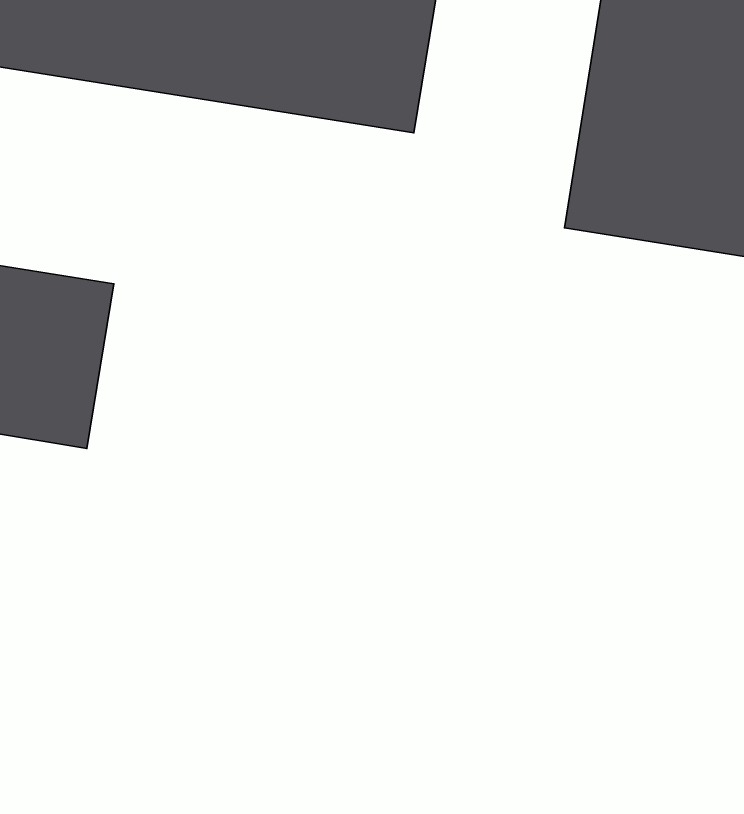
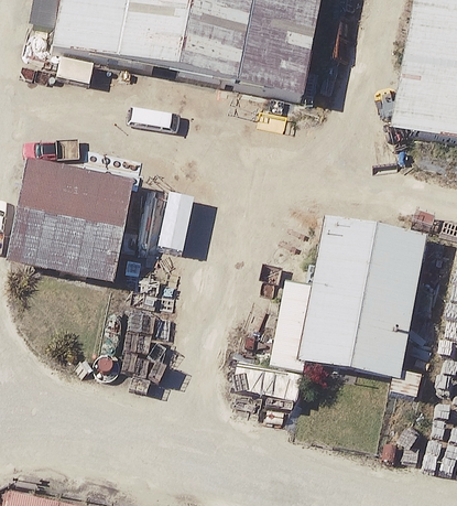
building: none -> [268,235,394,395]

